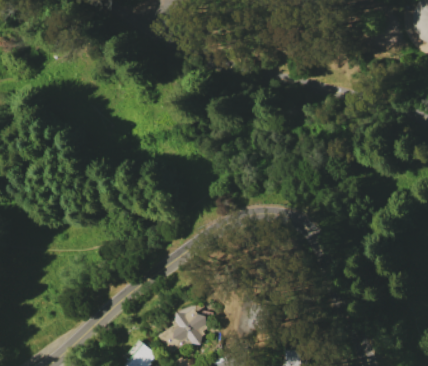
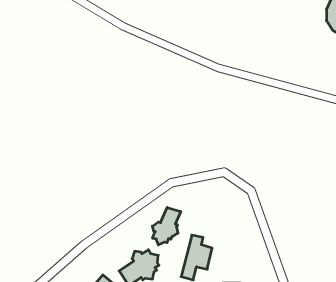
building: none -> [152,207,181,245]

